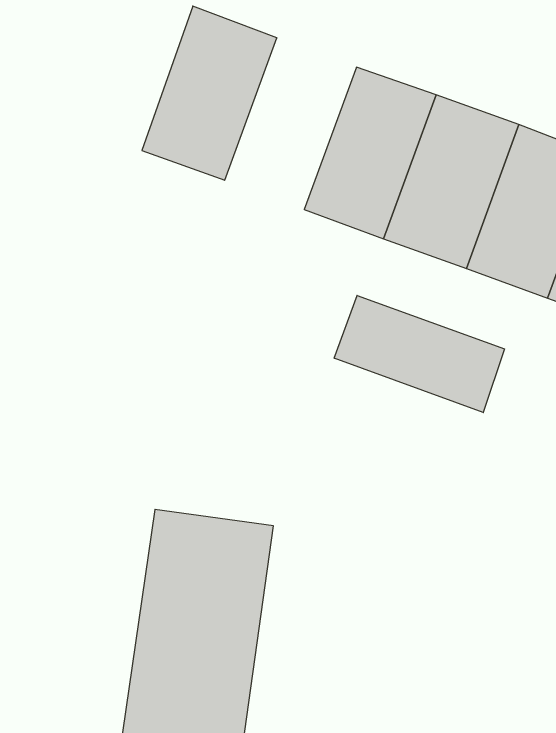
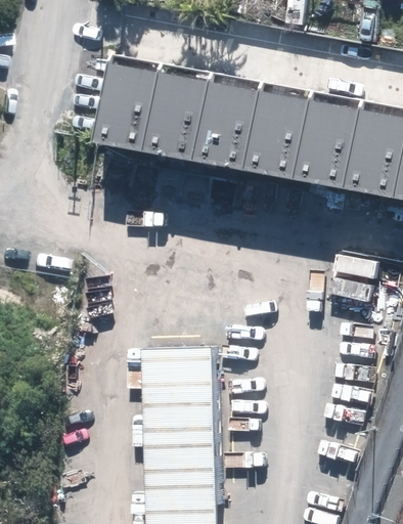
building: none -> [149,66,215,163]
building: [334,295,505,413] -> none

